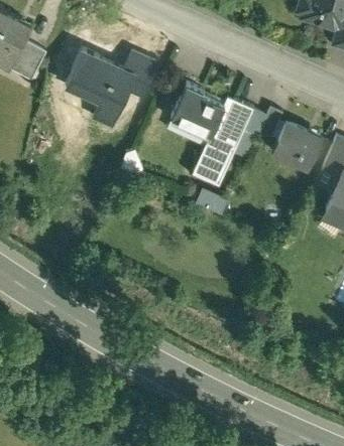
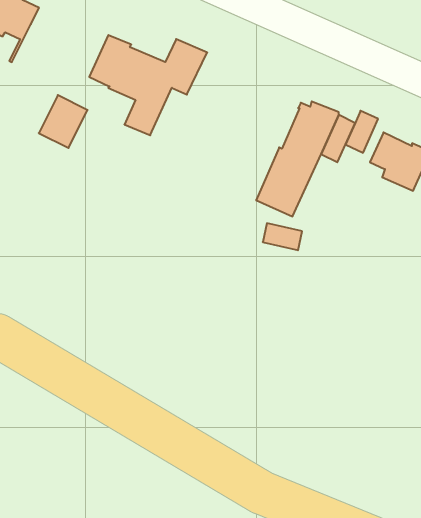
building: [10,42,46,82] -> [39,95,88,148]
building: [171,84,224,135] -> none

